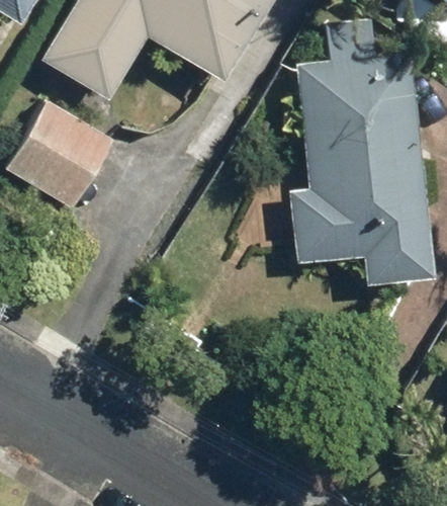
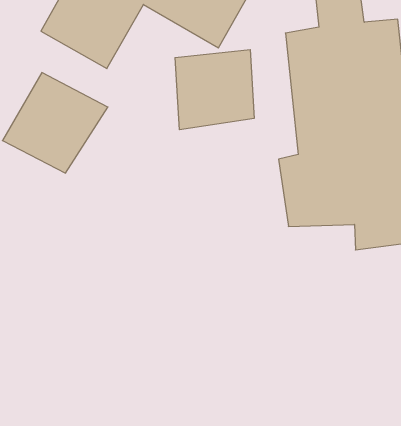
building: none -> [175,50,254,130]

